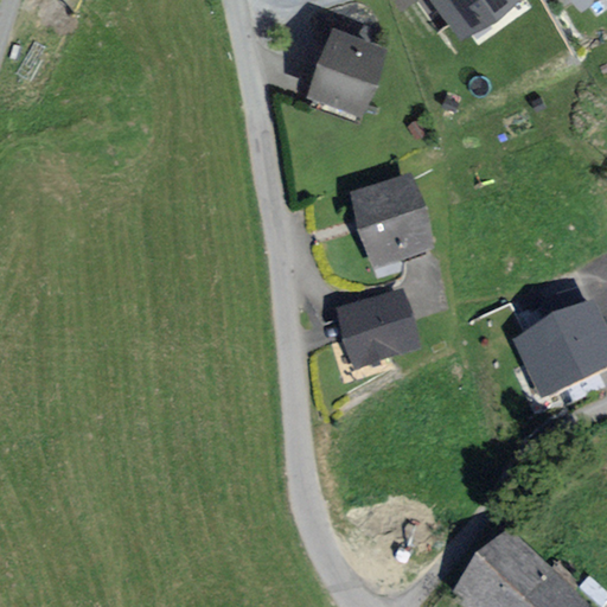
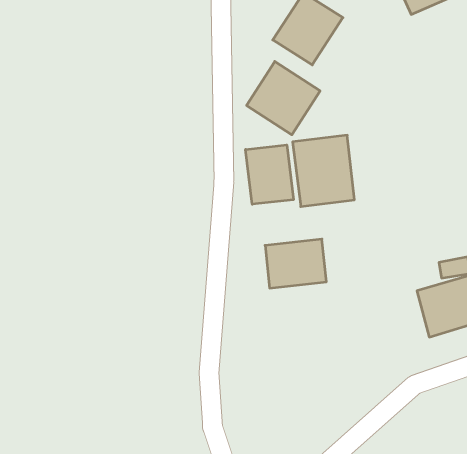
building: none -> [247,61,320,135]
building: none -> [246,145,293,204]

